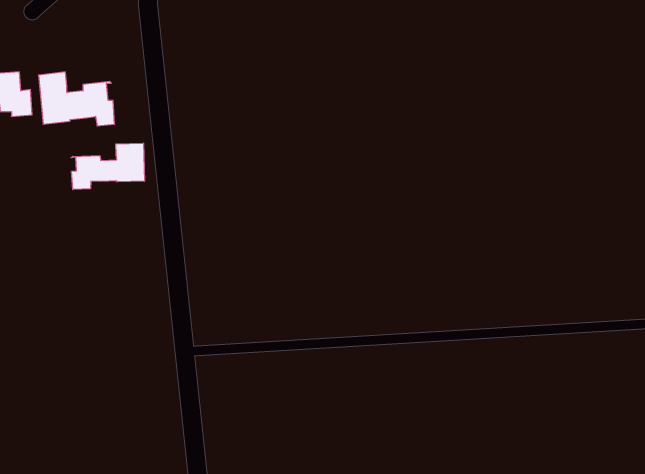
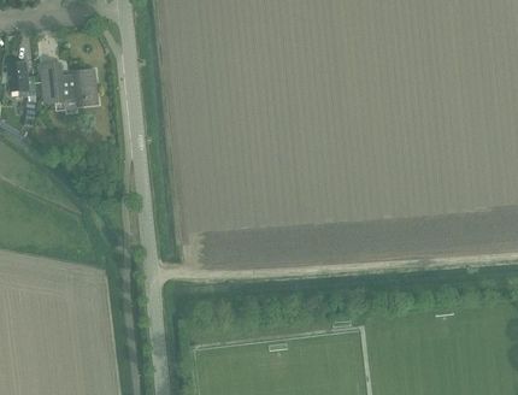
building: [71,143,144,190] -> none

